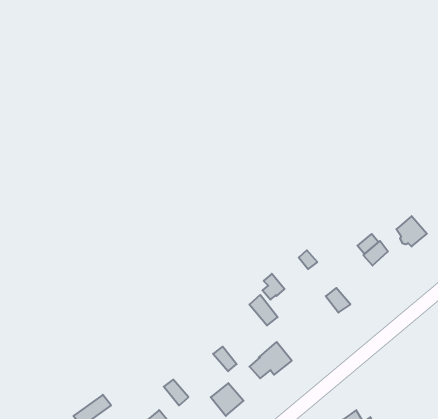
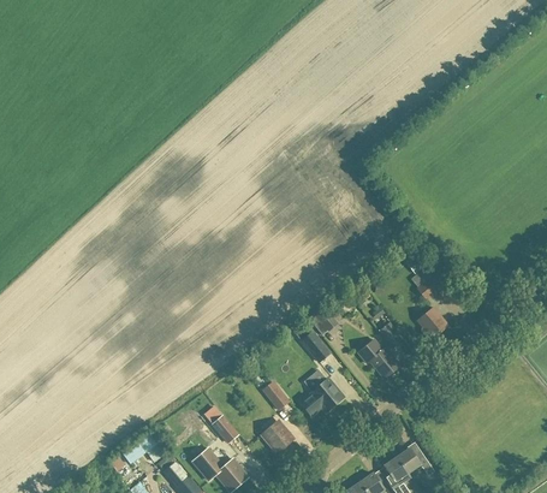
building: [396,216,427,247] -> [417,307,448,338]
building: none -> [358,339,400,378]

